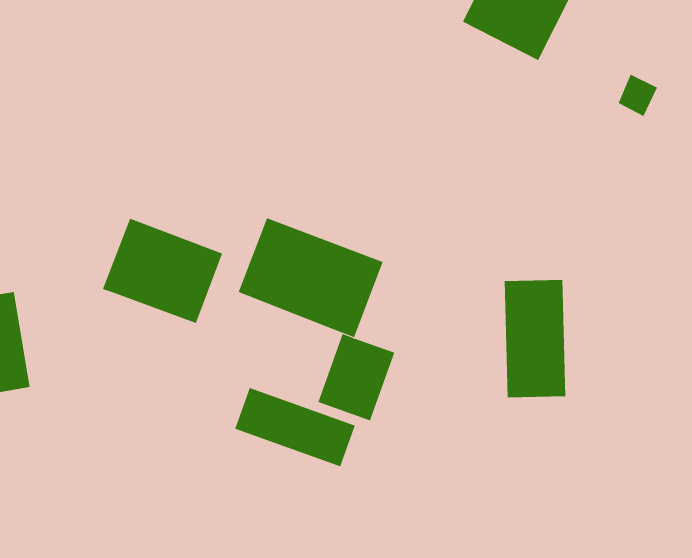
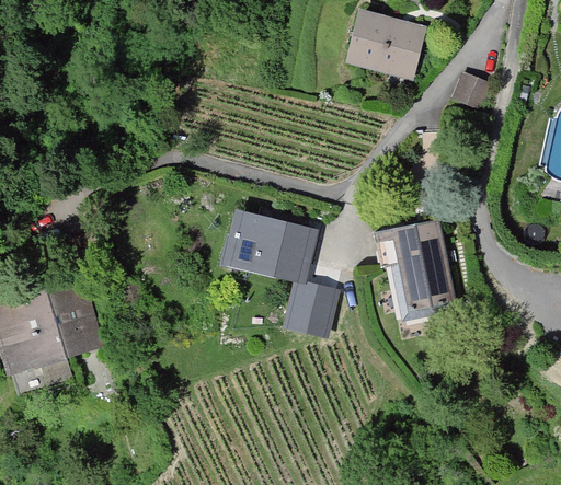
building: [102,218,223,324] -> none
building: [234,387,355,467] -> none

